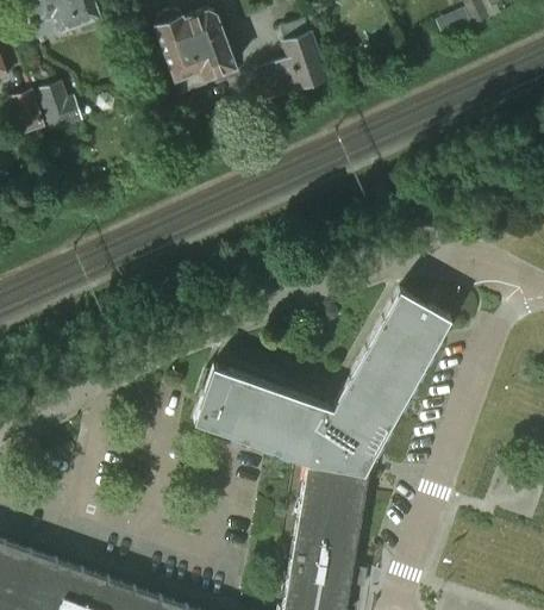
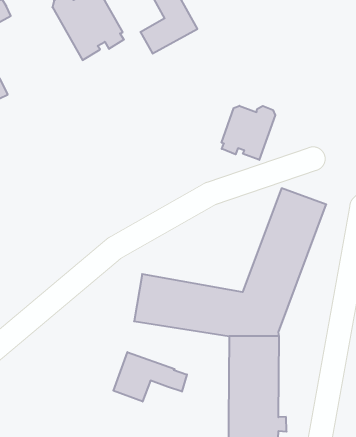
building: none -> [222,106,275,160]
building: none -> [113,352,187,402]

